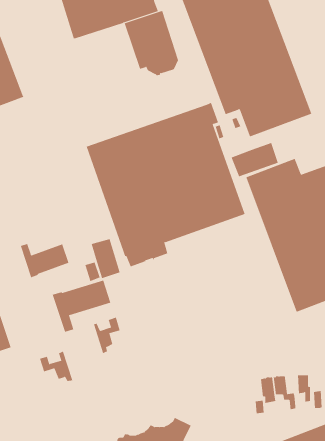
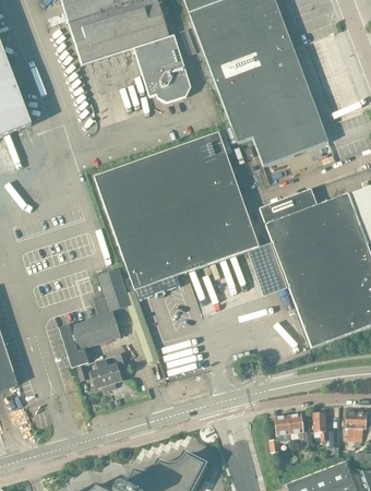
building: [231,142,279,177] -> none
building: [20,243,69,278] -> none
building: [39,351,73,382] -> [76,359,111,391]

